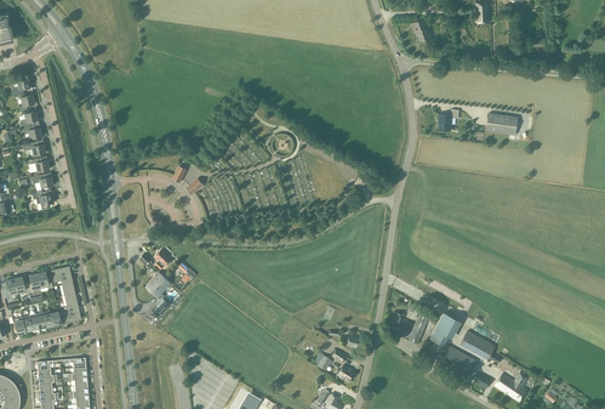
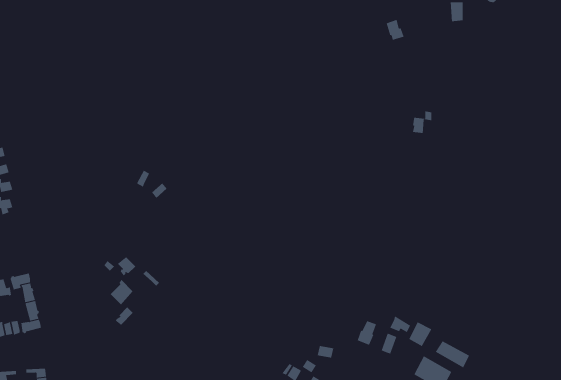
building: [486,113,518,136] -> none

